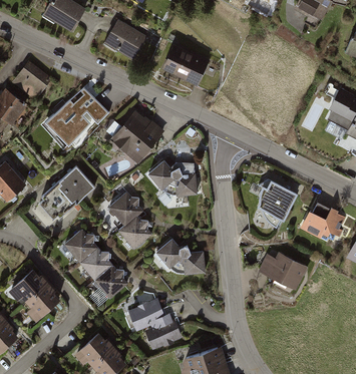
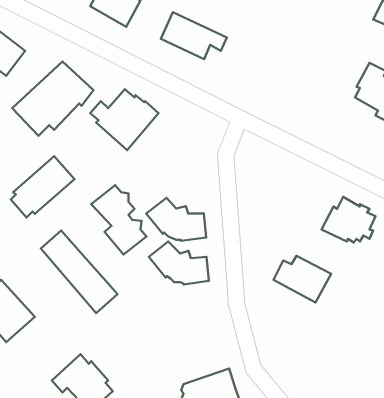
building: [146,160,197,197] -> [146,198,206,241]
building: [257,179,298,228] -> none
building: [127,299,182,350] -> none

